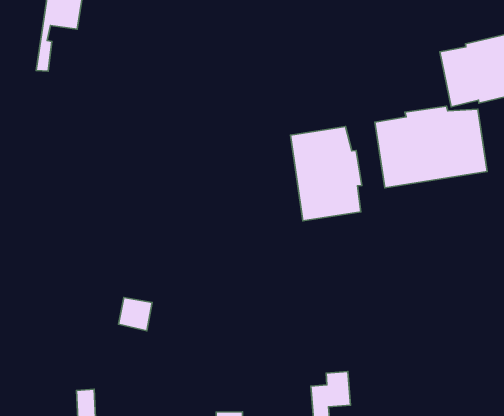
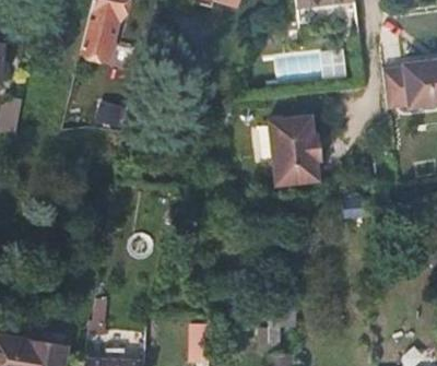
building: none -> [275,48,323,76]
building: [375,106,487,188] -> none

